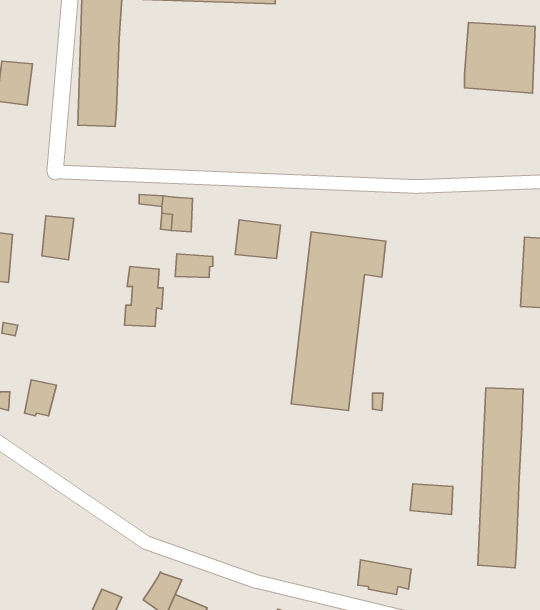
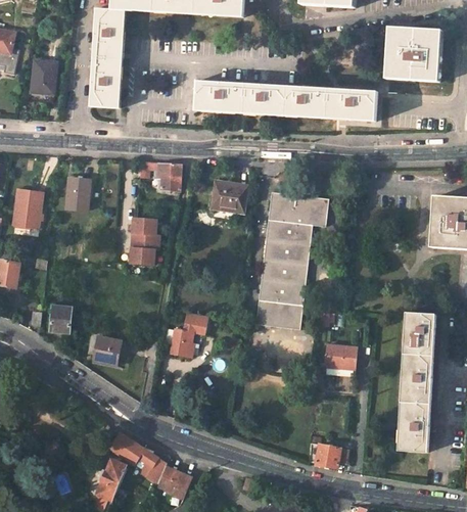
building: none -> [195,80,377,123]
building: [175,254,213,277] -> none
building: none -> [169,311,206,357]
building: none -> [87,329,123,366]
building: [410,484,453,515] -> [323,345,356,369]
building: none -> [113,434,153,464]

